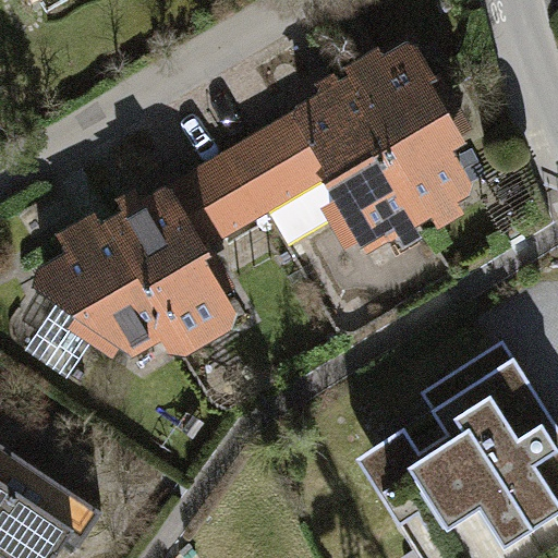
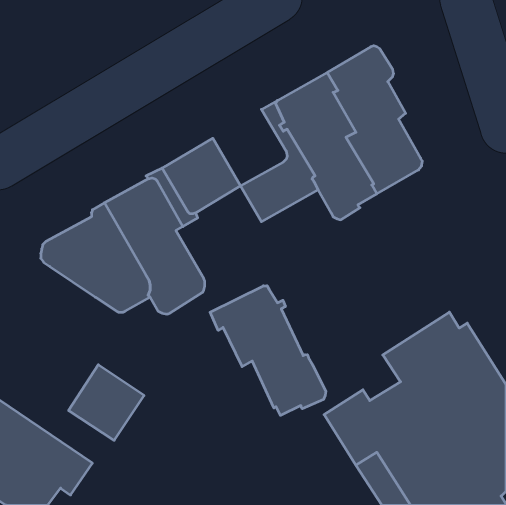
building: [233,120,315,204] -> none
building: [22,292,105,375] -> [69,365,144,440]
building: none -> [210,286,326,415]

